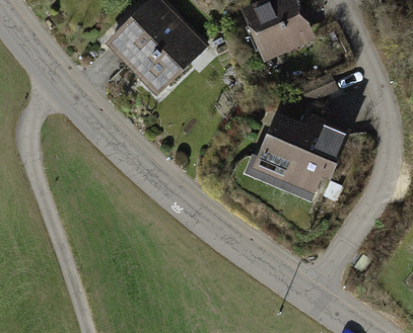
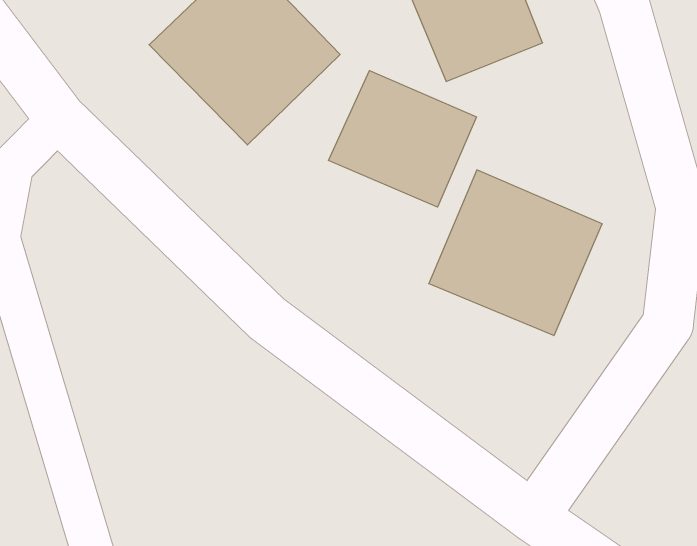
building: none -> [329,71,476,207]

